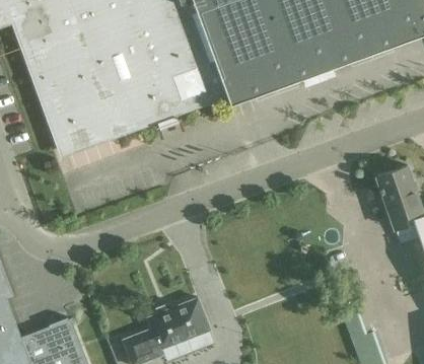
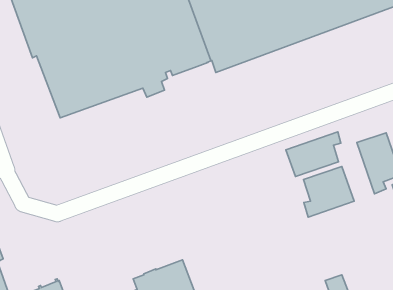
building: none -> [286,132,341,177]
building: none -> [304,166,354,217]

